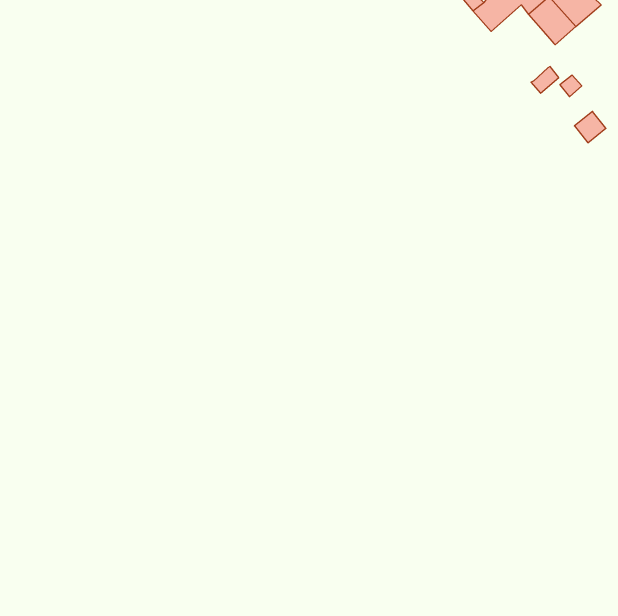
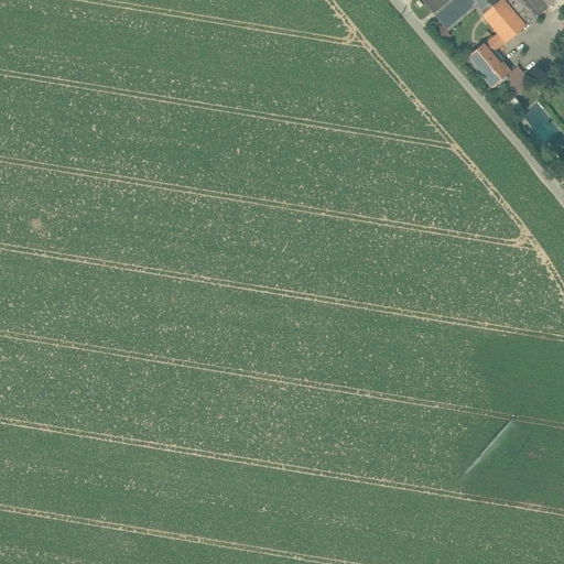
building: none -> [468,31,505,74]

